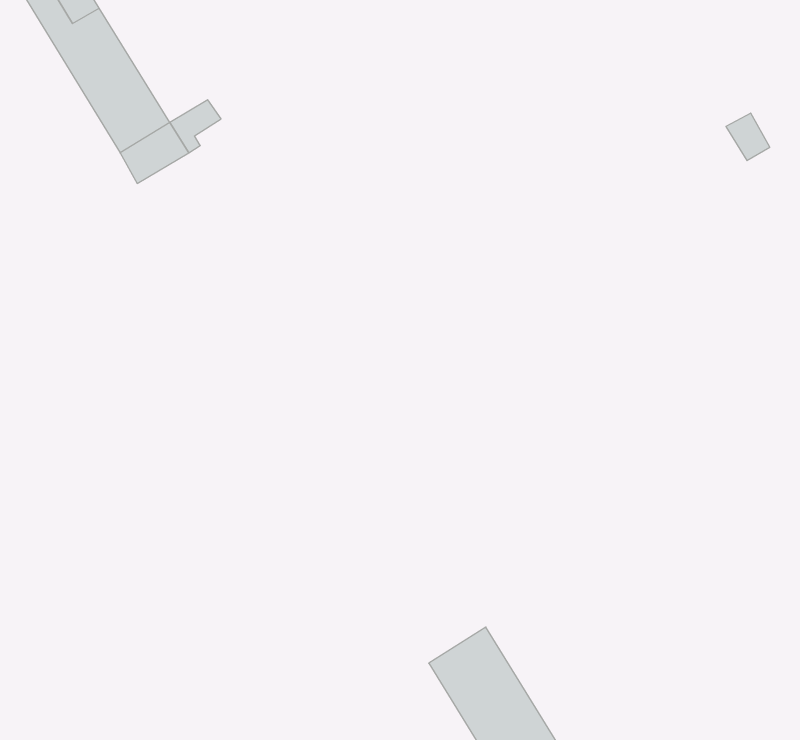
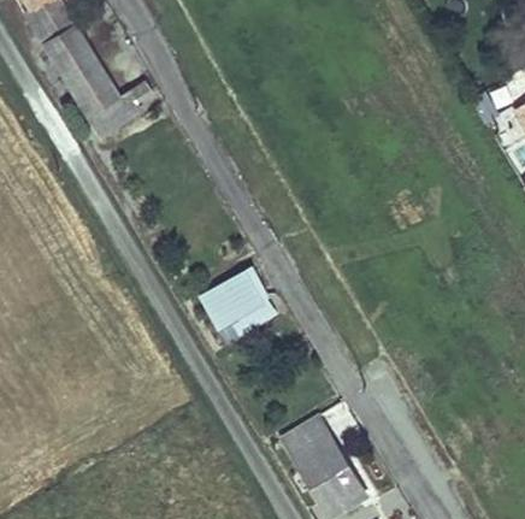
building: none -> [196,263,279,343]

